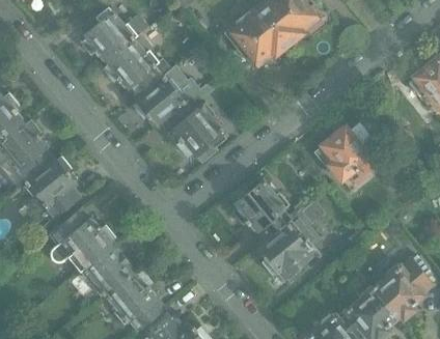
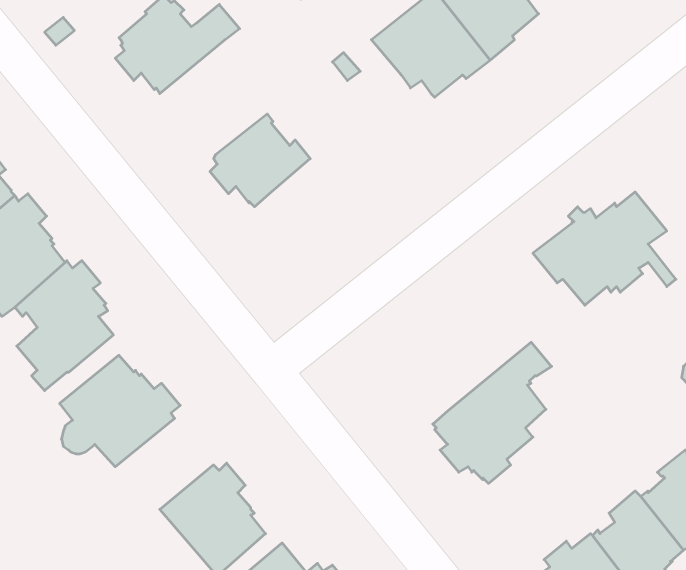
building: [102,32,171,96] -> none
building: [166,82,226,158] -> none
building: [231,176,312,239] -> none
building: [80,244,135,294] -> none

